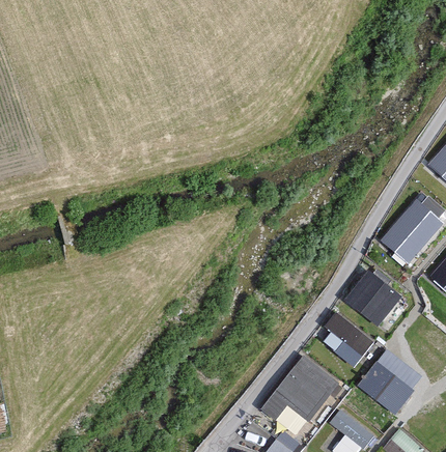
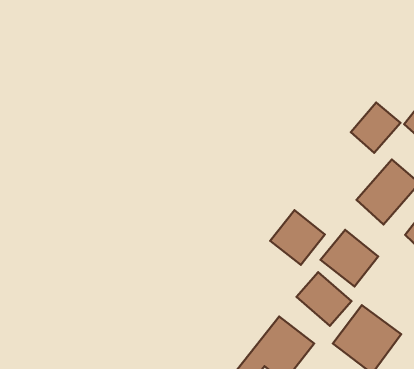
building: none -> [351,103,401,153]
building: none -> [270,210,325,265]

